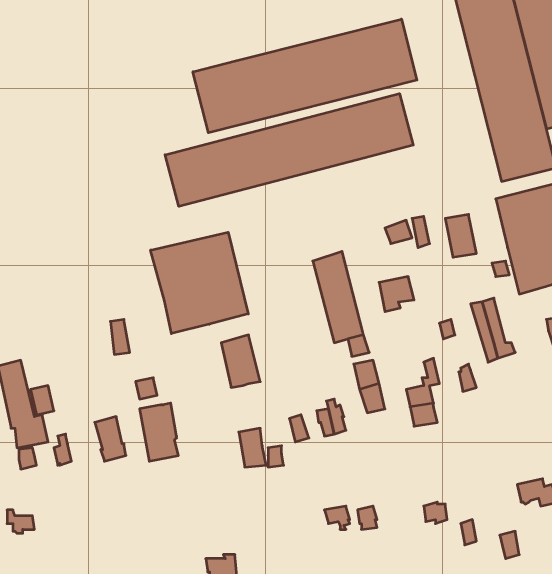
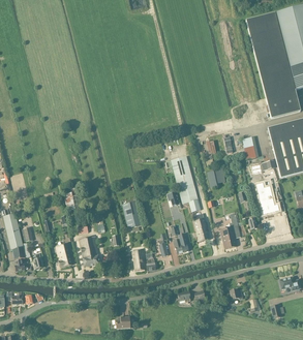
building: [193,19,417,133] -> none
building: [165,94,413,206] -> none
building: [151,232,248,334] -> none

